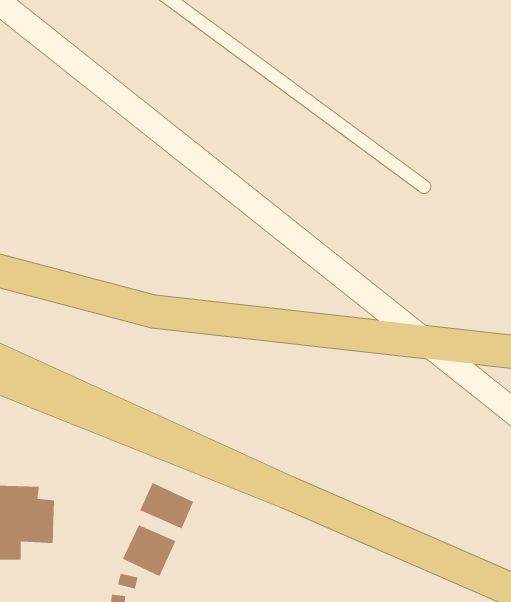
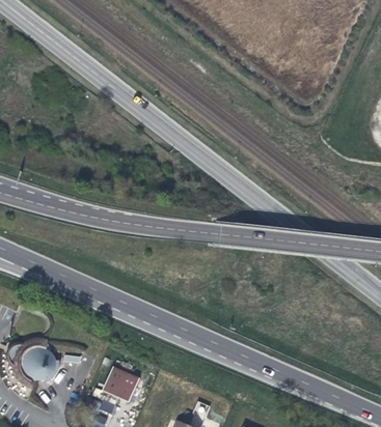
building: [139,482,194,530] -> none

